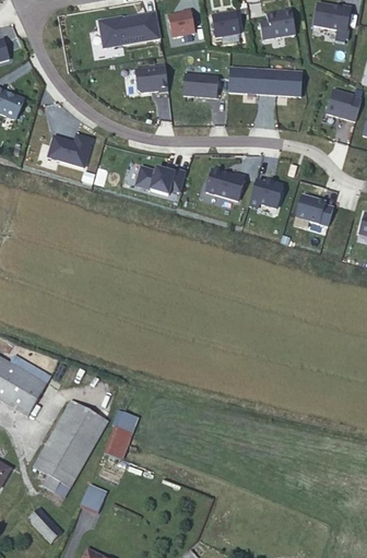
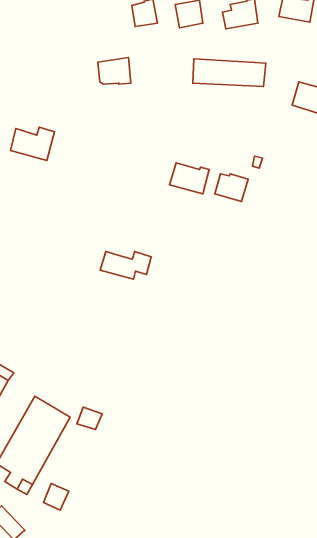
building: [98,13,161,48] -> none
building: [182,73,216,96] -> none
building: [135,167,186,194] -> [100,251,151,279]
building: [295,195,333,226] -> none
building: [104,427,132,459] -> none

